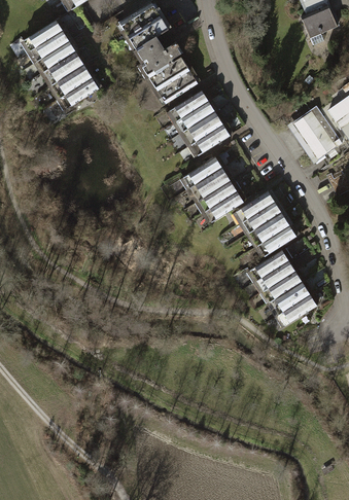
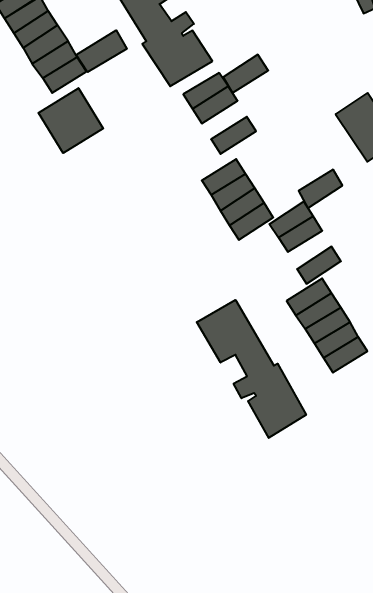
building: none -> [76,30,127,72]
building: none -> [38,88,103,153]
building: [187,112,222,142] -> [223,55,268,93]
building: [254,213,288,243] -> [299,170,342,208]
building: none -> [197,300,306,438]

